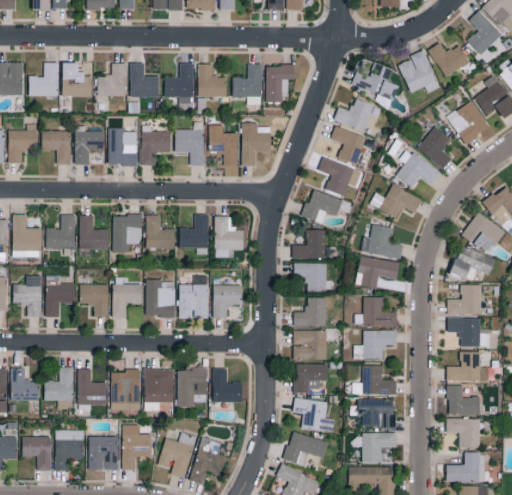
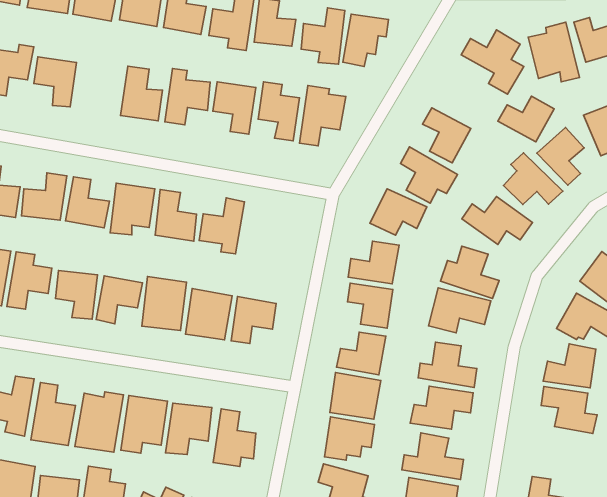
building: [334,98,374,131] -> [498,96,554,142]
building: [76,131,105,165] -> none
building: [215,217,244,257] -> none
building: [447,352,488,381] -> none

